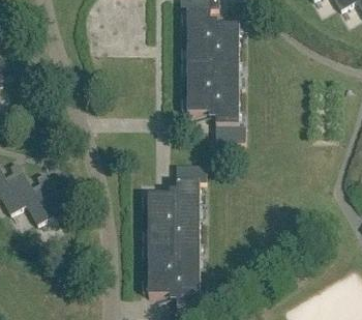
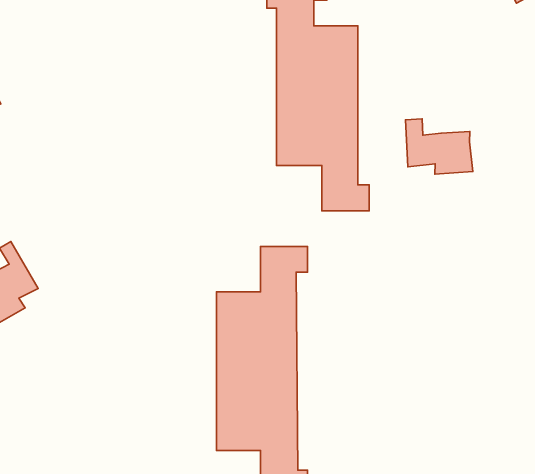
building: none -> [406,119,473,174]
building: [22,172,61,224] -> none

